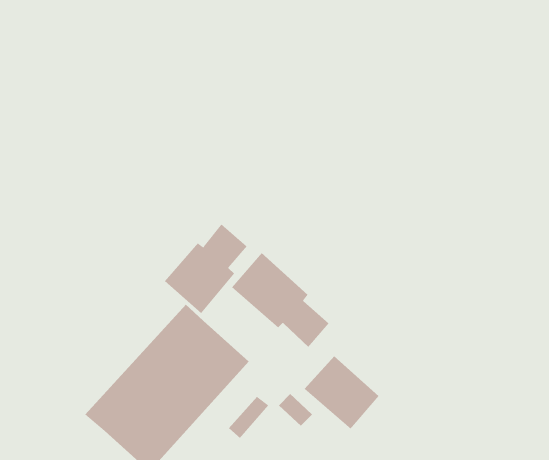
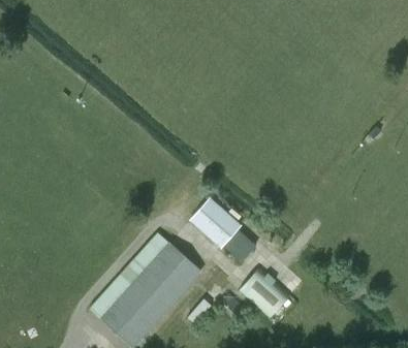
building: [164,224,247,314] -> none

